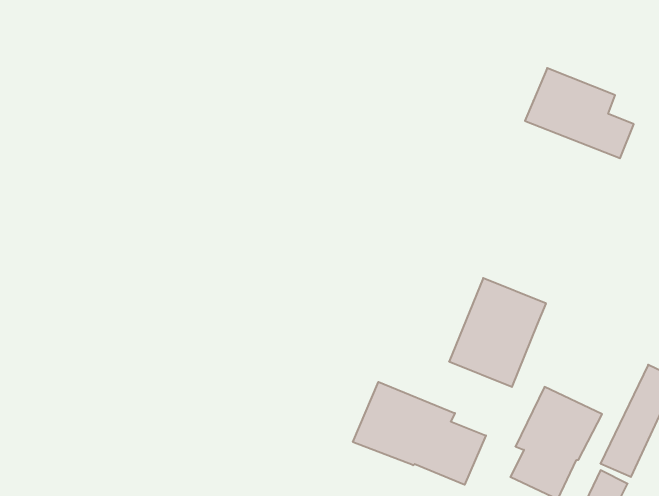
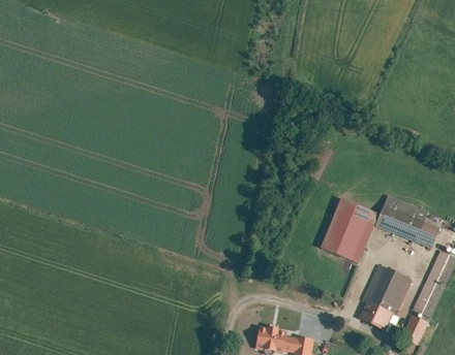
building: [525,68,634,158] -> [374,192,441,247]
building: [353,382,486,485] -> none

